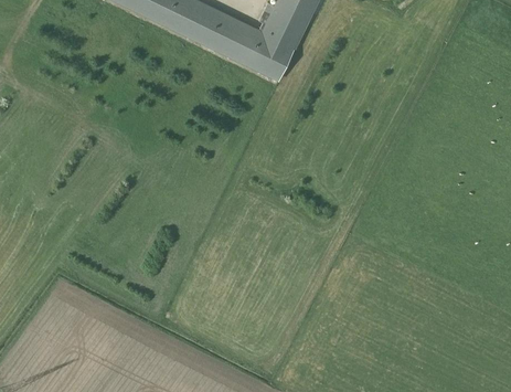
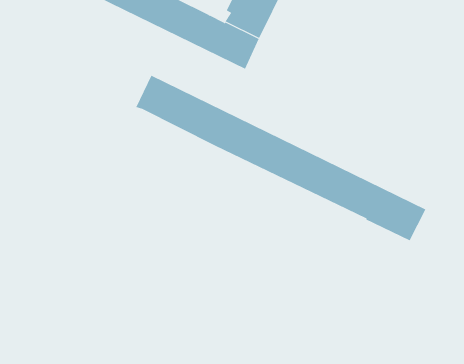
building: none -> [136,75,426,241]

